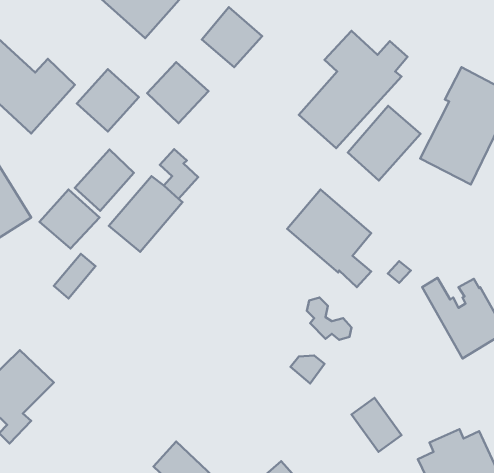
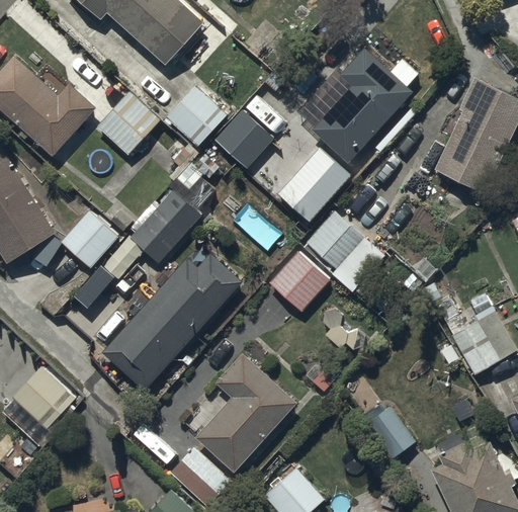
building: [202,7,262,67] -> [214,106,273,165]
building: [348,106,420,180] -> [277,144,348,217]
building: [75,150,134,211] -> none
building: none -> [268,248,328,309]
building: none -> [101,257,243,396]
building: none -> [186,358,297,477]

